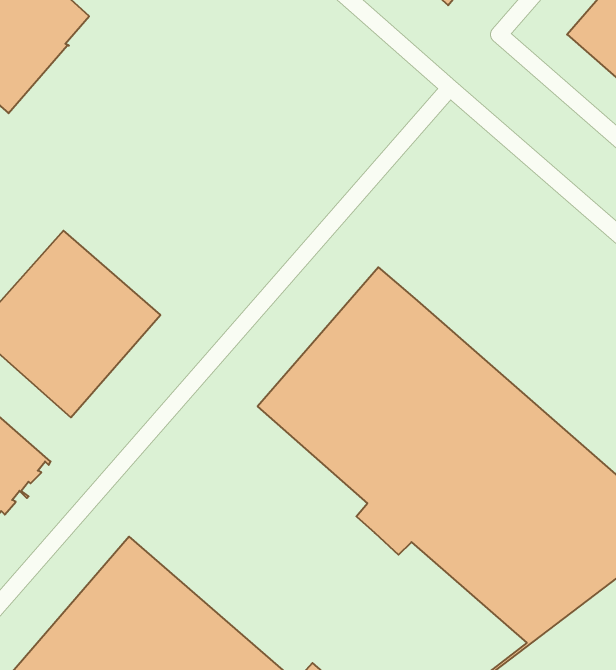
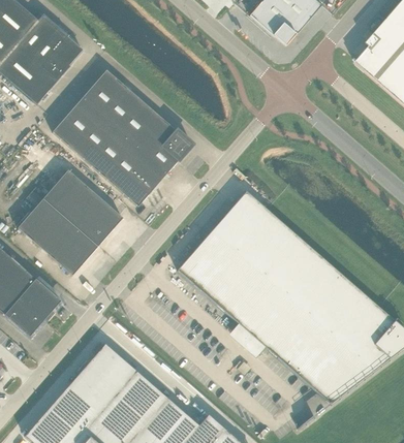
building: none -> [52,69,192,205]

